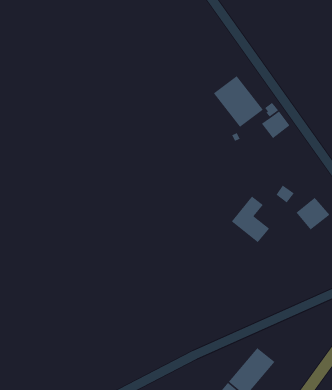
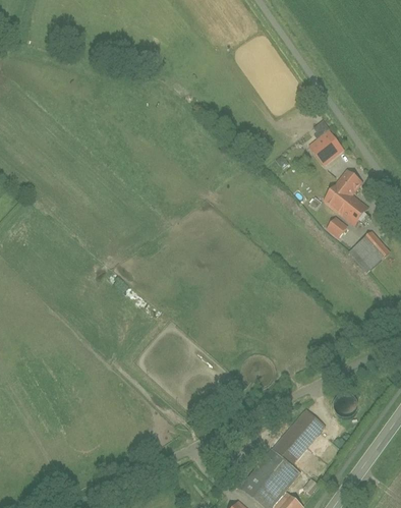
building: [213,75,264,128] -> none
building: [231,195,270,243] -> [323,170,368,226]

